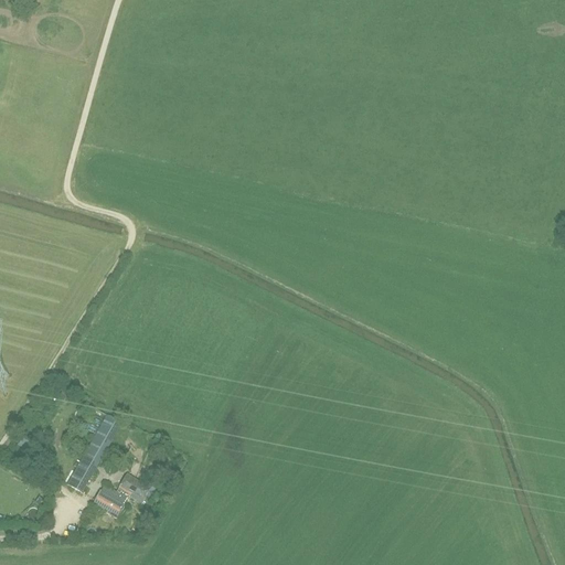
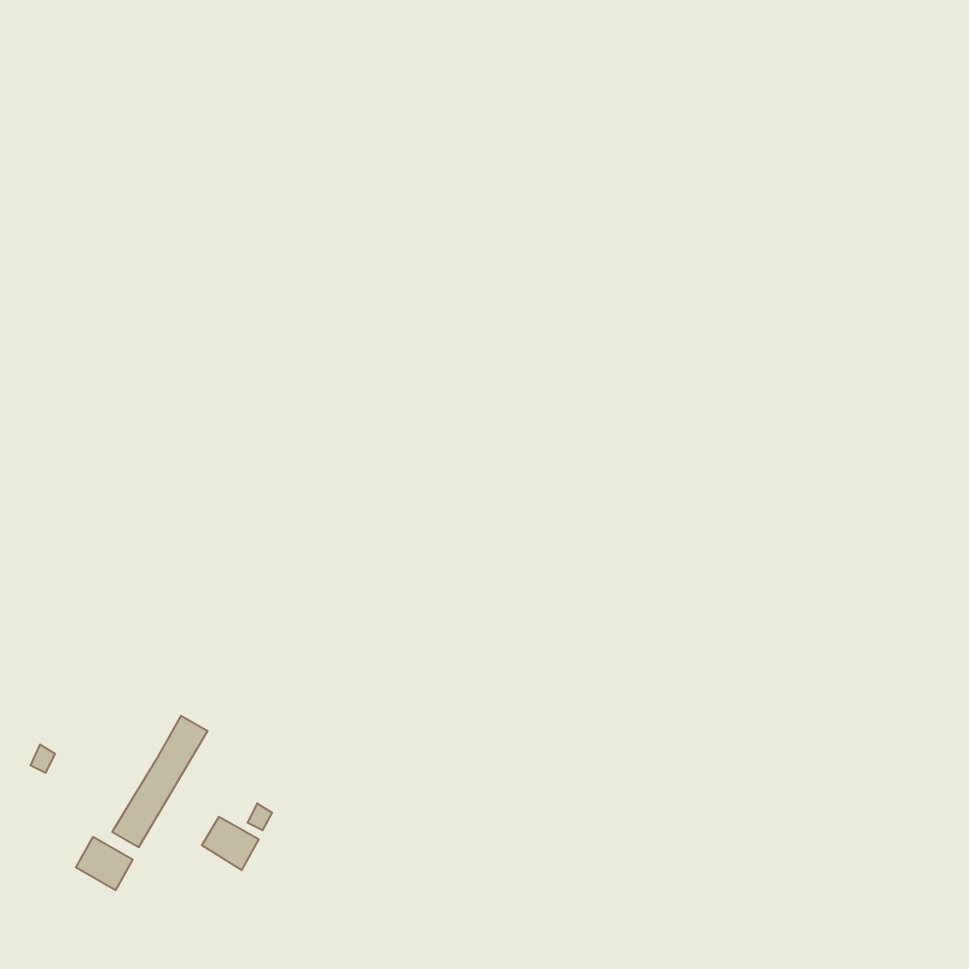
building: [93,484,126,515] -> [76,837,133,890]

